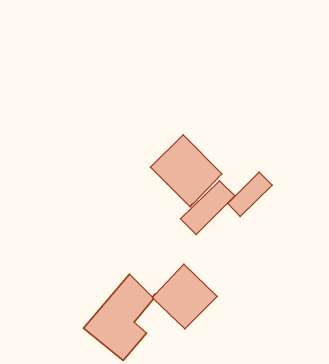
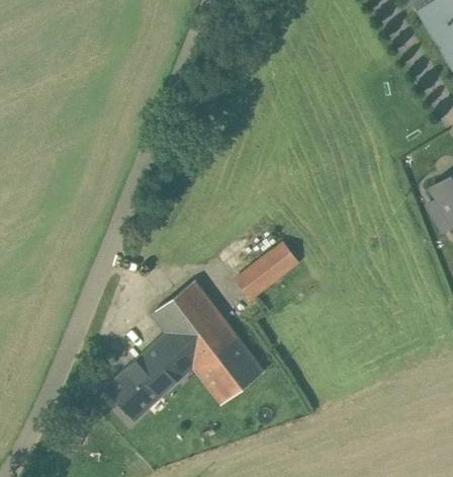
building: [151,135,222,207] -> [152,281,231,363]
building: [228,172,272,217] -> none

